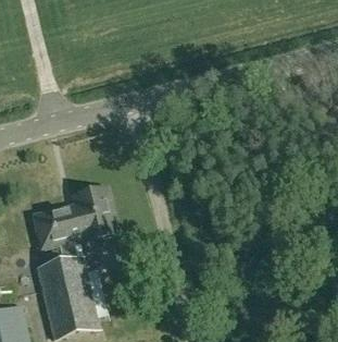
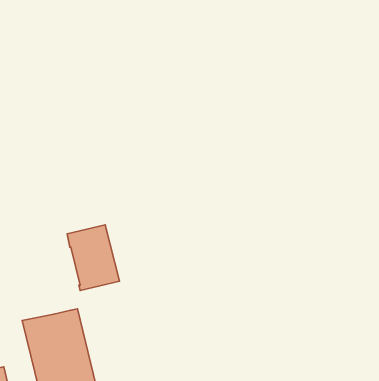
building: [34,207,84,262] -> none

